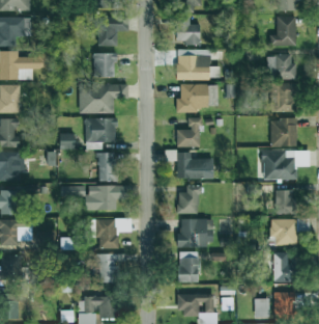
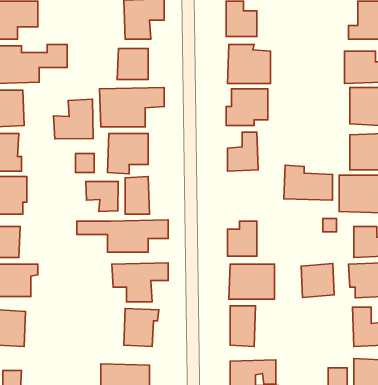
building: none -> [53,99,93,139]
building: [176,152,213,179] -> [284,165,332,200]
building: none -> [86,181,118,212]
building: none -> [301,264,334,297]

